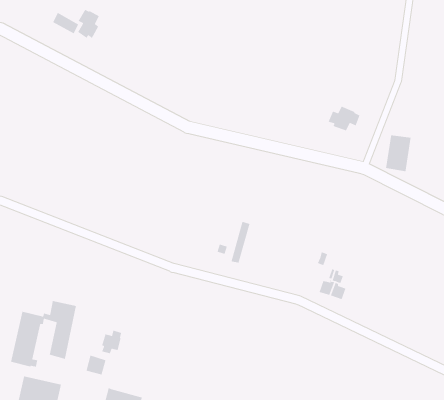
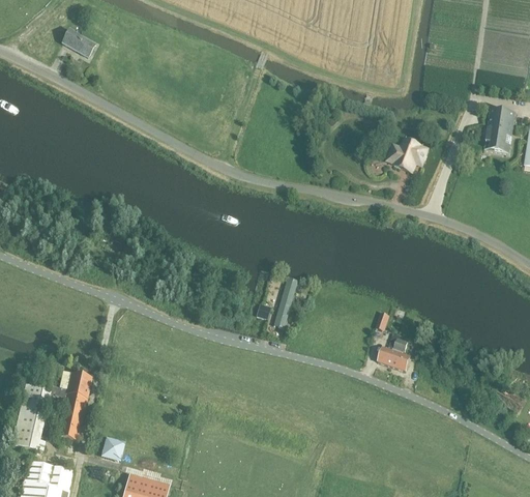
building: [77,9,100,39] -> none
building: [385,135,411,172] -> [484,109,516,153]
building: [101,330,122,354] -> none

